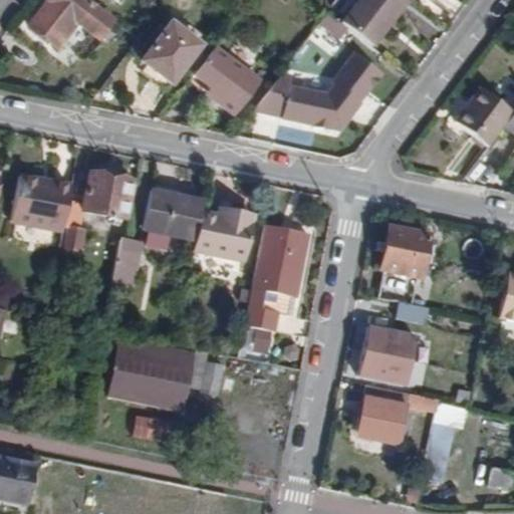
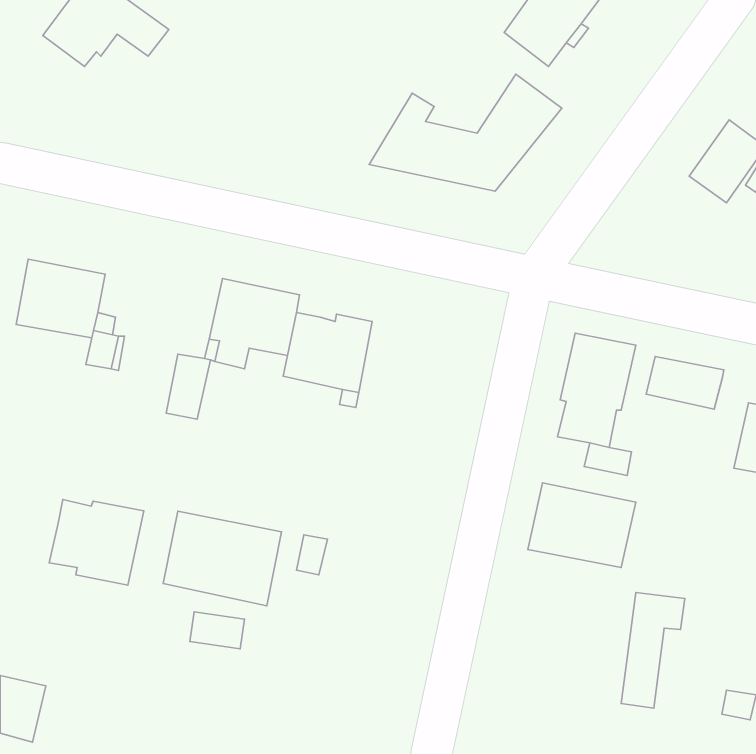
building: [143,19,208,83] -> none
building: [194,45,262,113] -> none
building: [83,171,133,218] -> none
building: [245,225,309,331] -> none
building: none -> [646,357,724,409]
building: none -> [49,499,144,585]
building: [357,386,410,438] -> none

